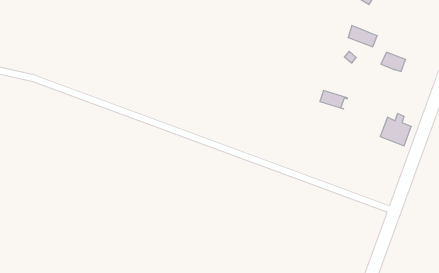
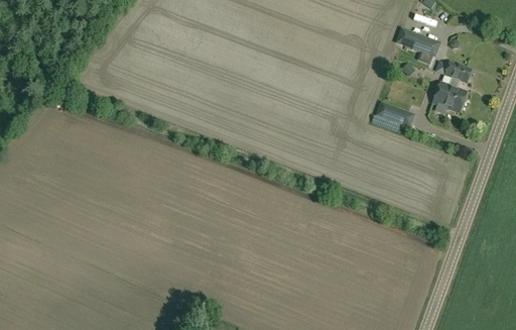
building: [380,114,411,146] -> [432,78,467,113]

